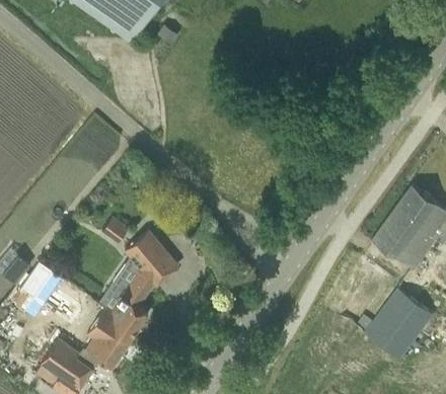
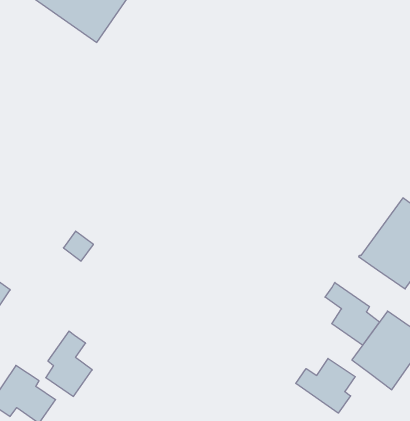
building: [112,230,177,342] -> none
building: none -> [325,282,380,345]
building: none -> [296,358,355,413]

